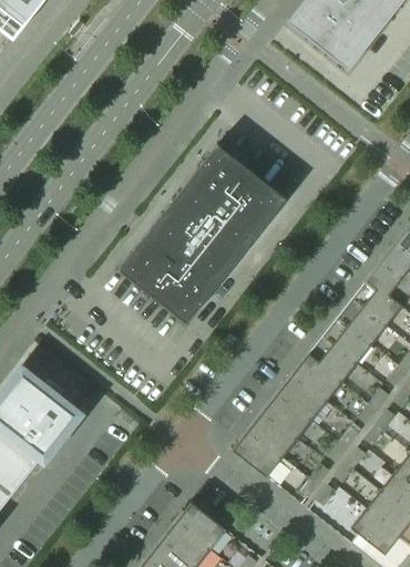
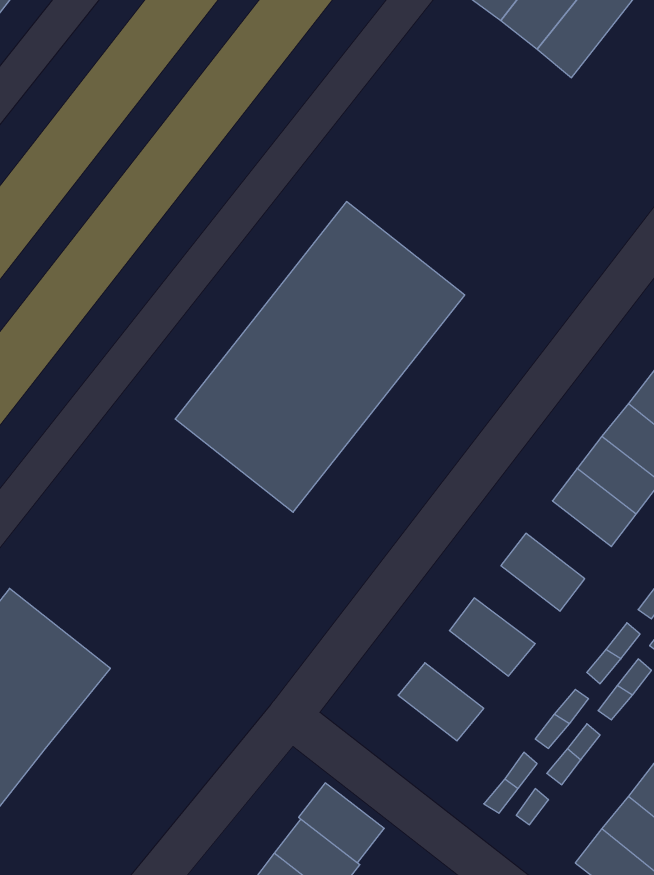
building: [322,318,372,363] -> none
building: [293,355,342,401] -> none
building: [264,393,312,439] -> none
building: [233,431,283,477] -> [299,783,384,863]

